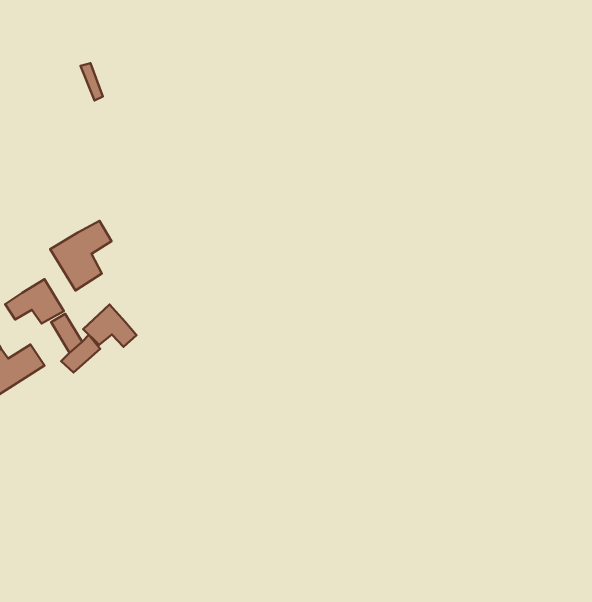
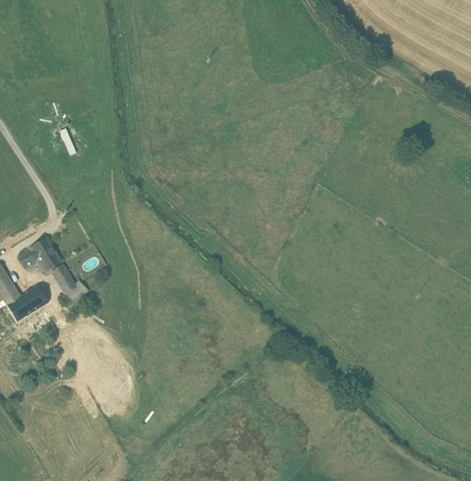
building: [50,221,111,291] -> none
building: [83,305,136,347] -> none

